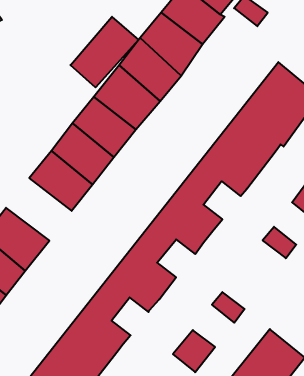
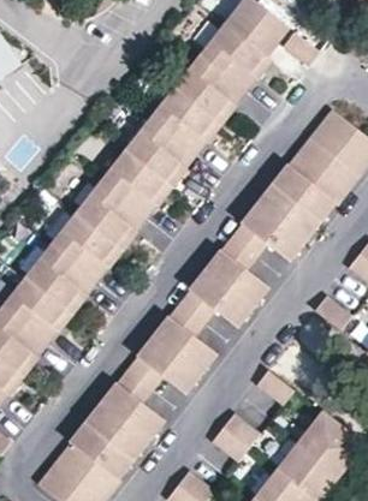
building: [70,17,138,87] -> none
building: none -> [23,240,97,311]

